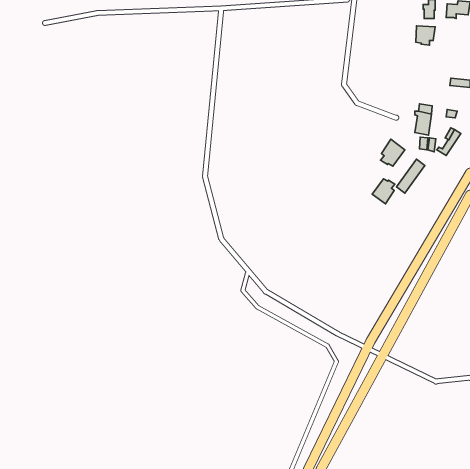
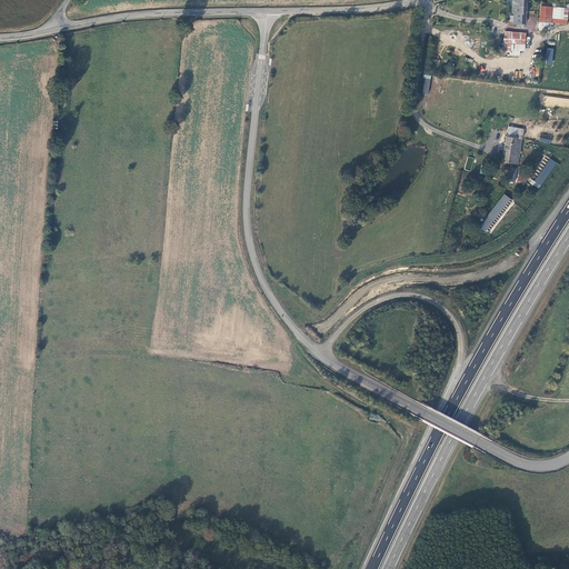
building: [381,139,405,166] -> none
building: [372,179,395,204] -> none

